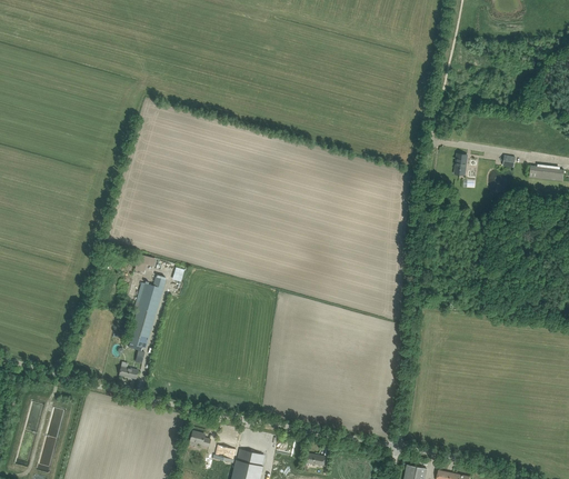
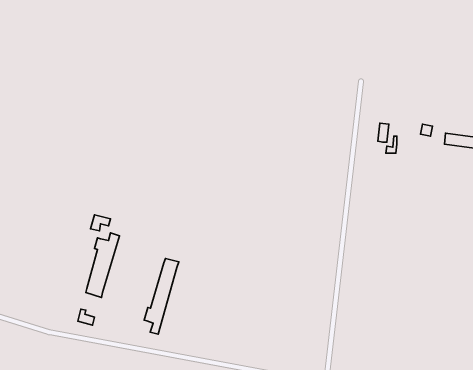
building: none -> [144,258,179,334]

